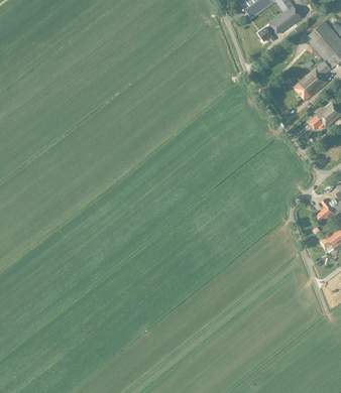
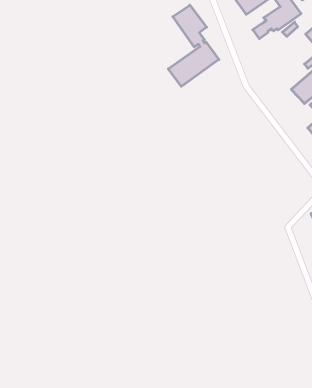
building: none -> [168,5,219,86]

